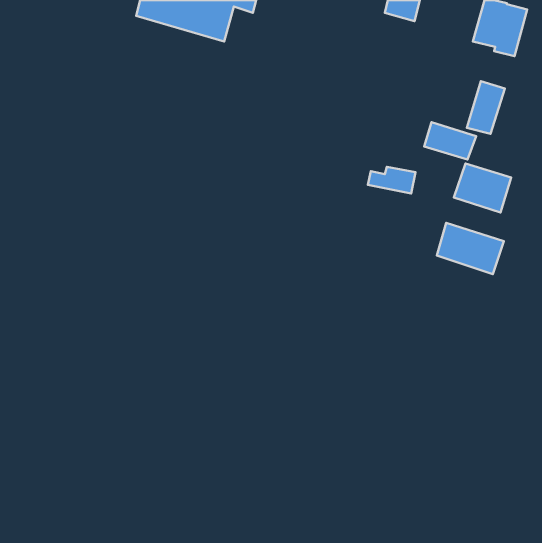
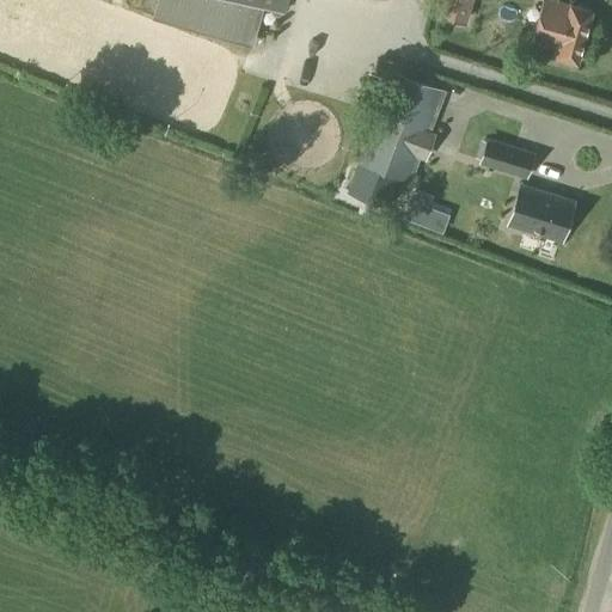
building: none -> [348,72,446,208]
building: [467,81,505,134] -> none
building: [437,223,504,274] -> none

